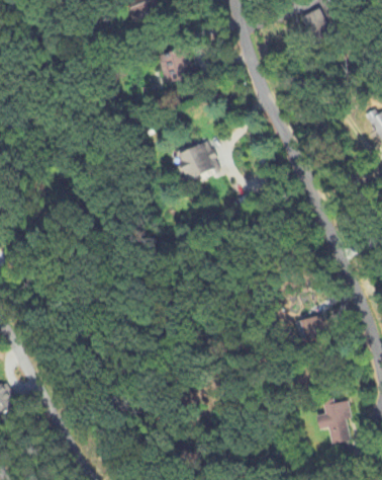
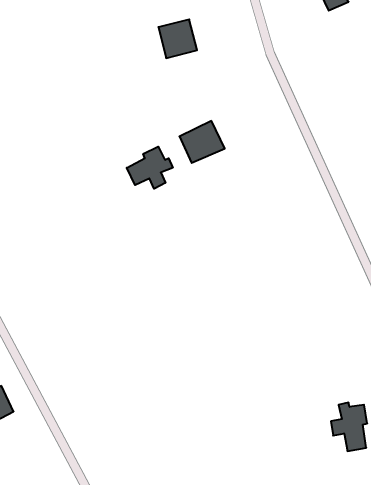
building: none -> [127,147,173,189]
building: [297,315,322,337] -> none

